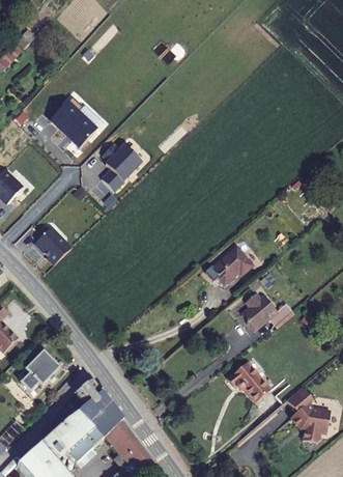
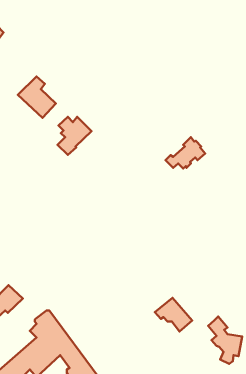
building: [33,224,69,261] -> none
building: [202,242,251,280] -> [165,137,205,169]
building: [235,292,289,331] -> none

